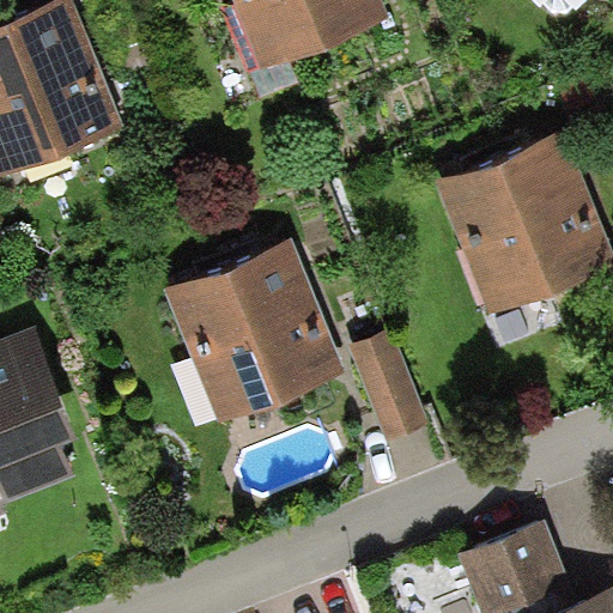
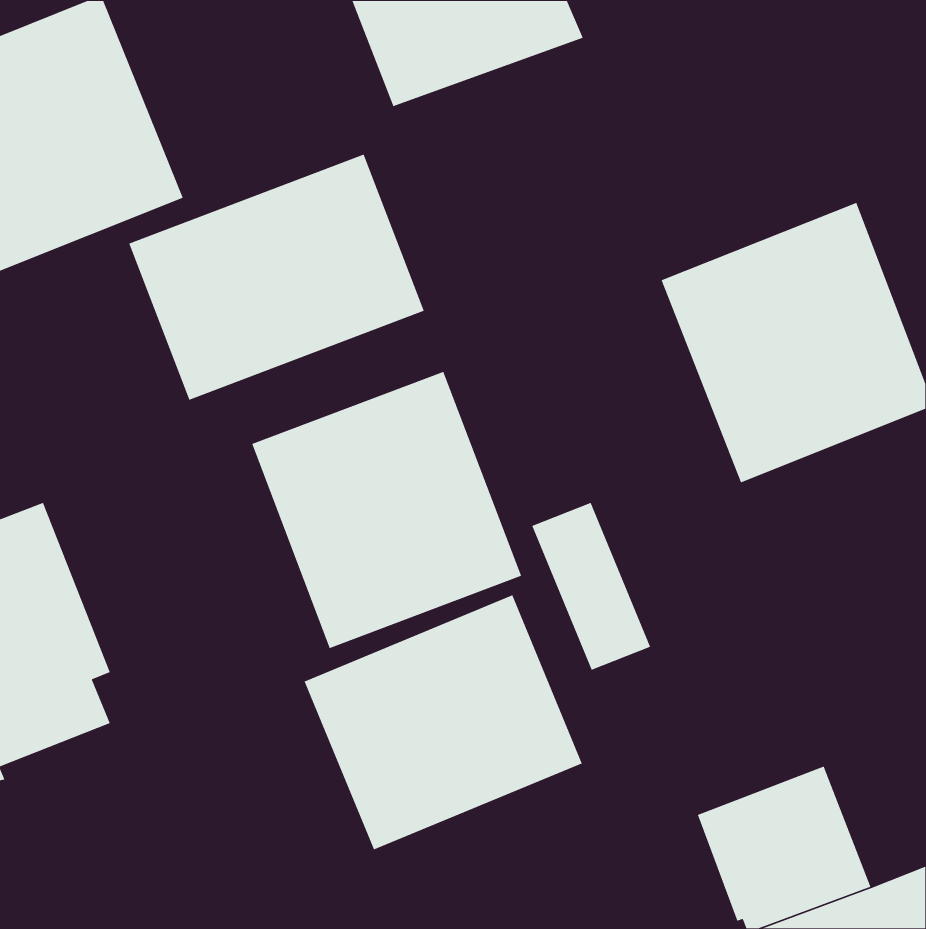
building: none -> [128,153,425,401]
building: none -> [304,594,583,851]

